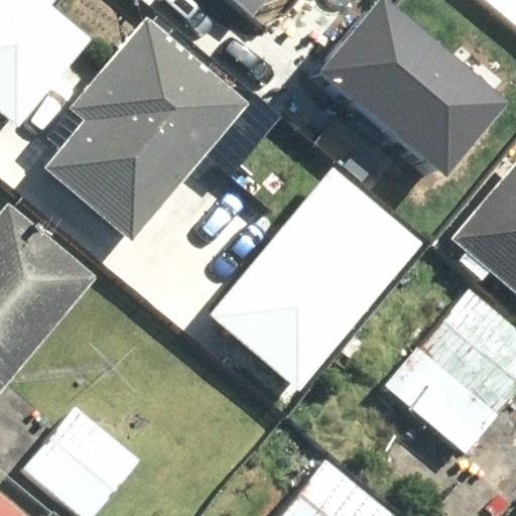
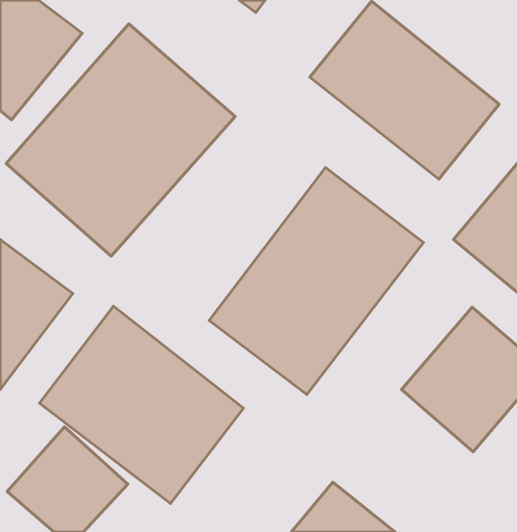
building: none -> [39,306,243,504]

